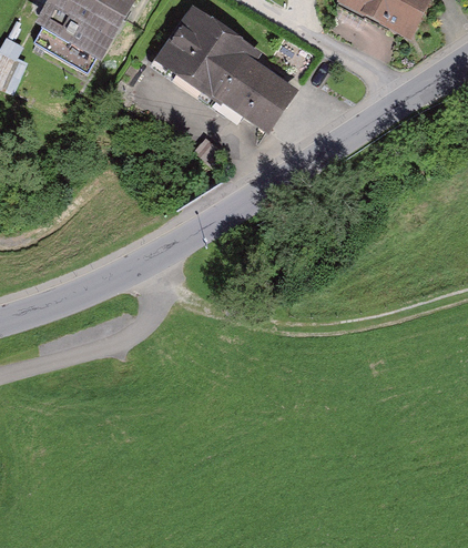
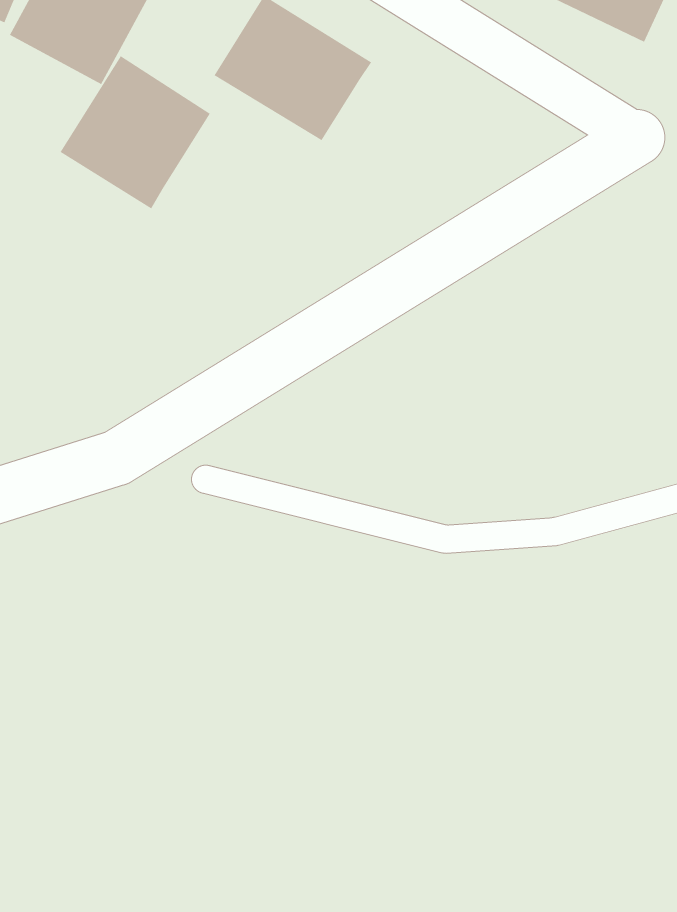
building: none -> [59,55,211,209]
building: [224,61,289,124] -> none

